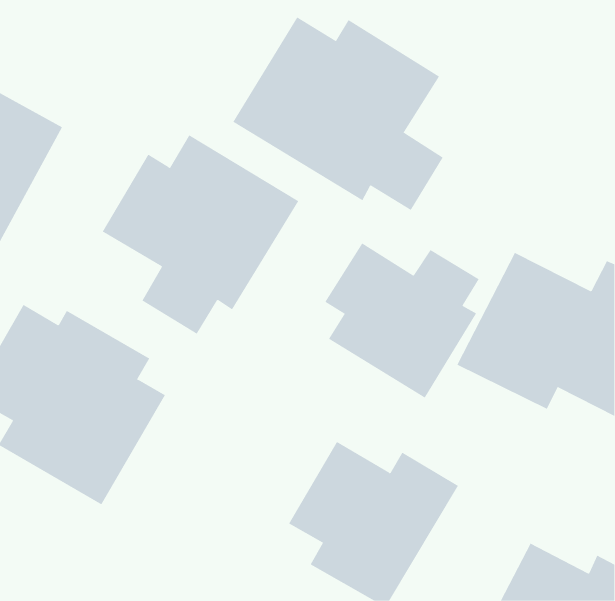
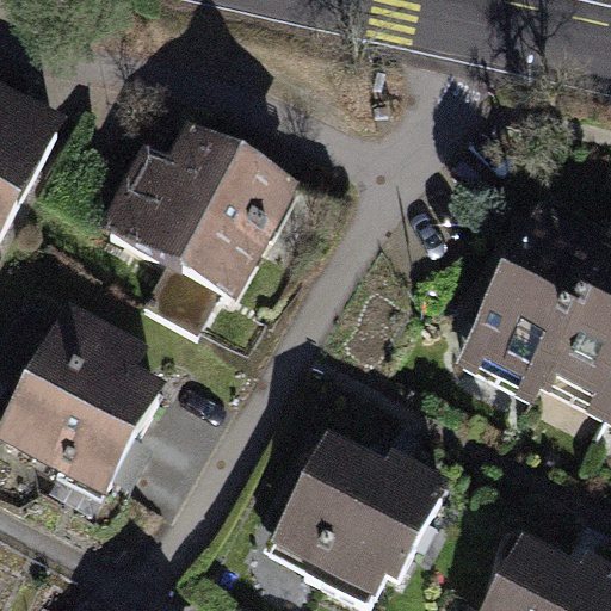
building: [232,16,444,211] -> none
building: [325,242,479,399] -> none

